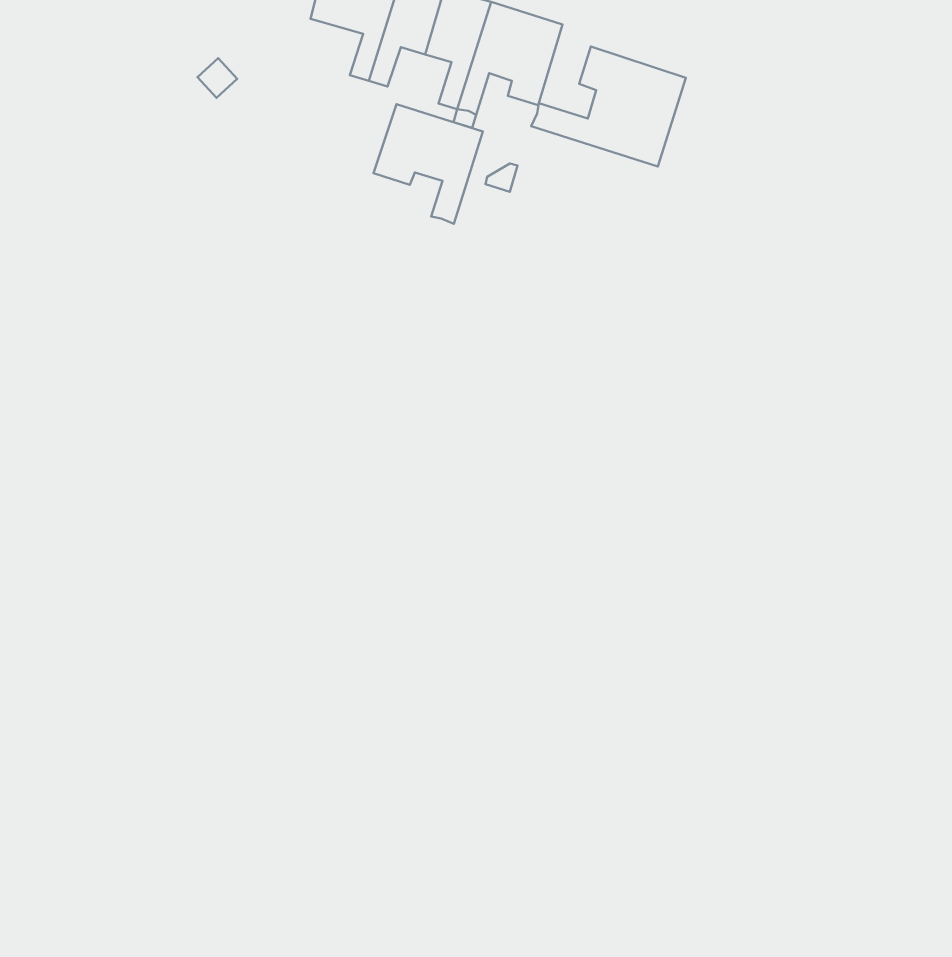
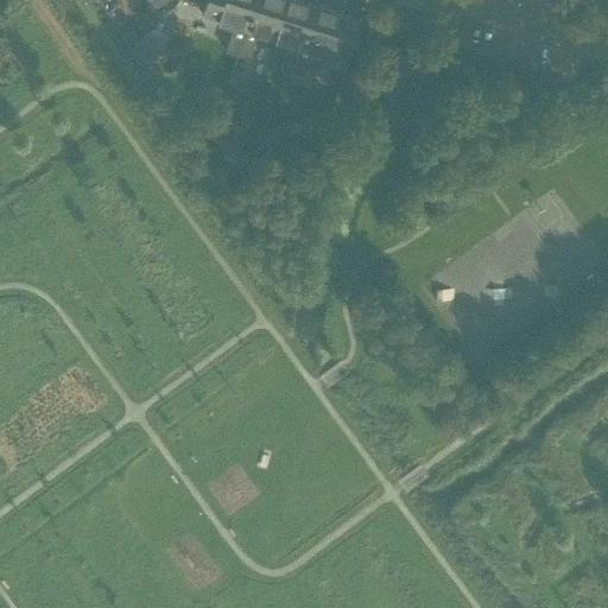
building: [531,46,686,166] -> none
building: [374,104,483,224] -> none

